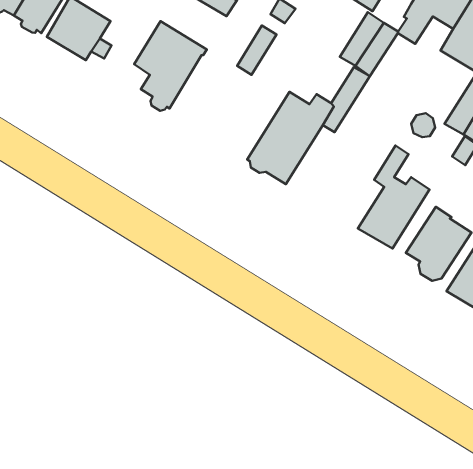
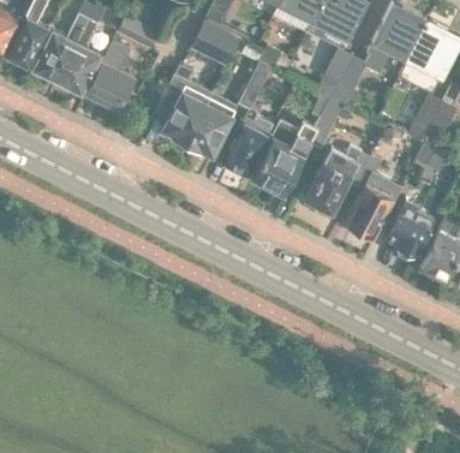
building: none -> [187,93,233,155]
building: none -> [222,118,273,177]
building: none -> [305,147,369,219]

